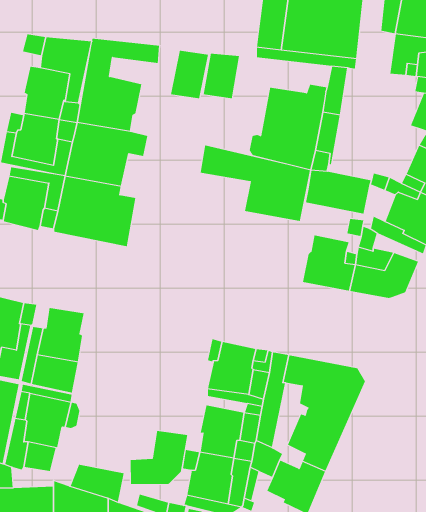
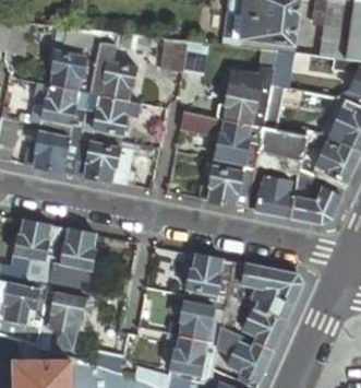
building: none -> [207,163,253,209]
building: [130,430,188,485] -> none

